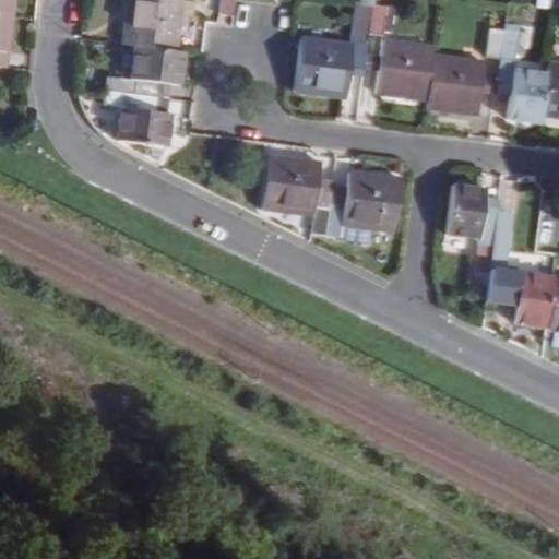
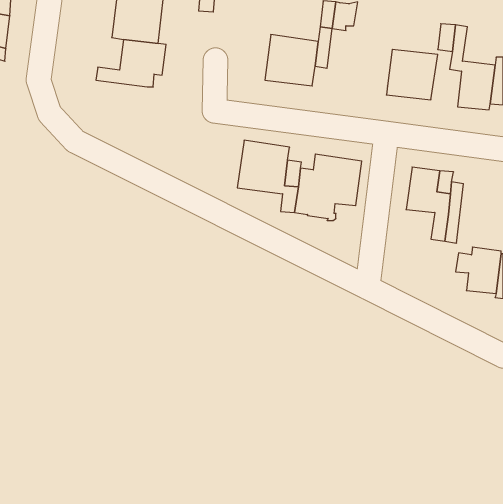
building: [373,39,433,95] -> none
building: [104,88,170,147] -> none

